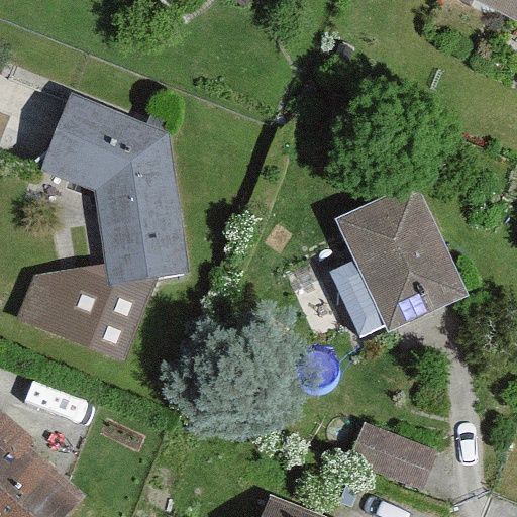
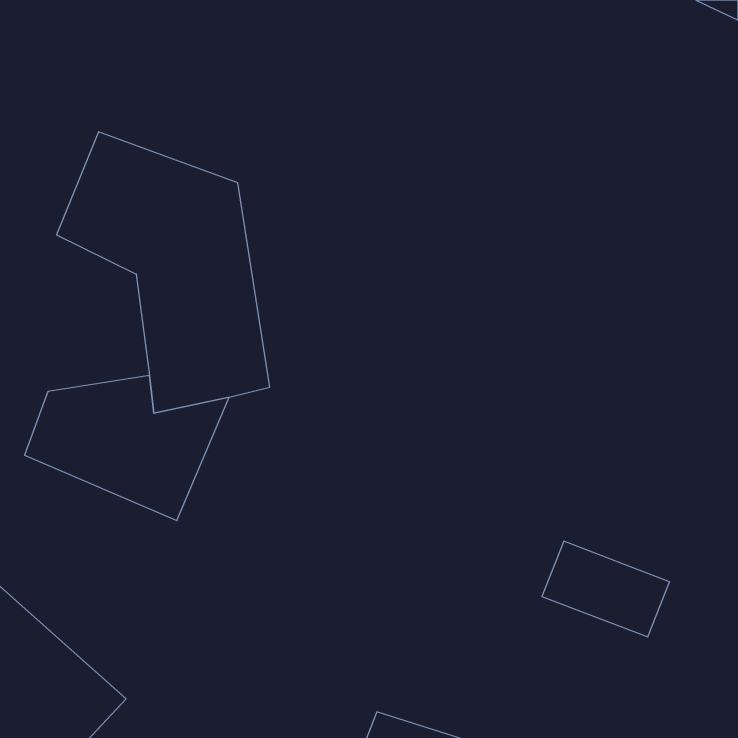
building: [335,182,467,330] -> none
building: [349,424,438,491] -> [542,541,670,637]

